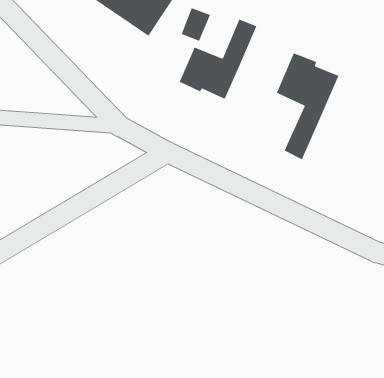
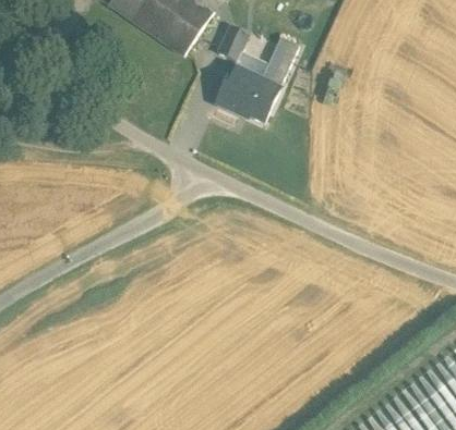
building: [276,52,339,160] -> none

